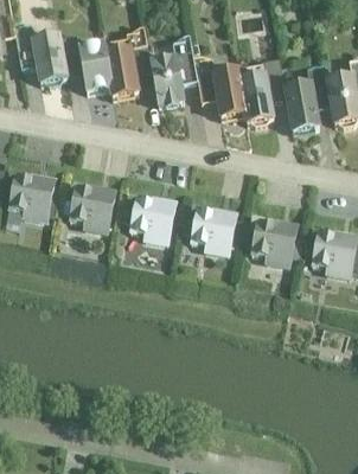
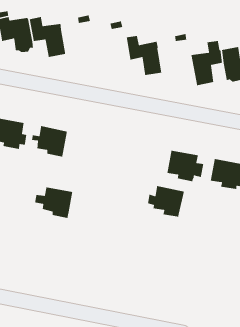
building: [106,49,138,97] -> none
building: [151,58,184,105] -> none
building: [239,75,273,126] -> none
building: [120,198,174,243] -> [34,187,73,219]
building: [184,209,236,254] -> [147,185,185,217]

